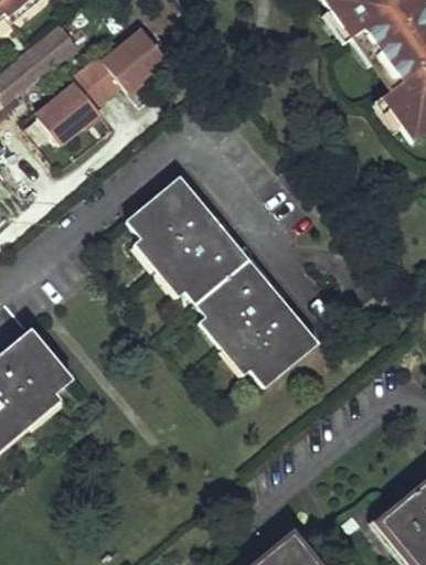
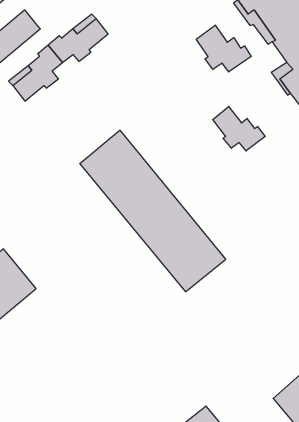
building: none -> [196,25,251,72]
building: none -> [213,106,265,151]

